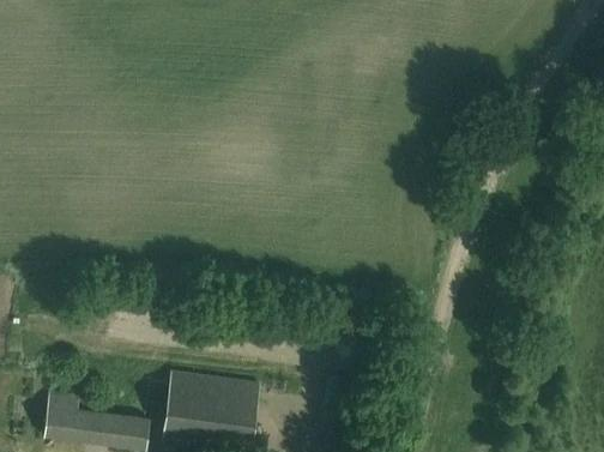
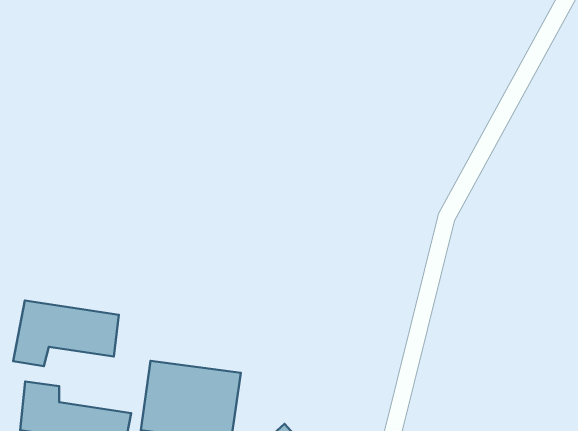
building: none -> [13,301,119,366]

